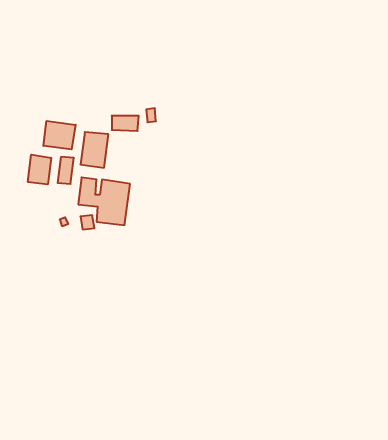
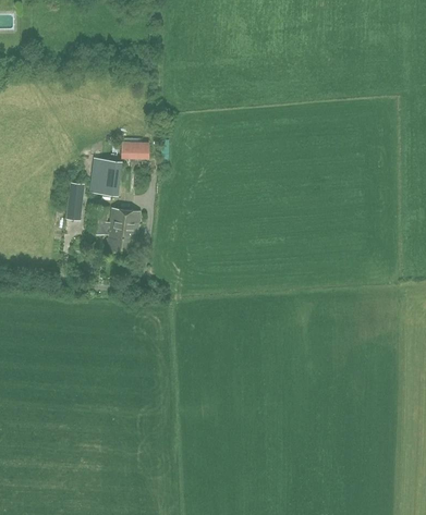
building: [43,121,76,149] -> none
building: [28,155,51,184] -> none

